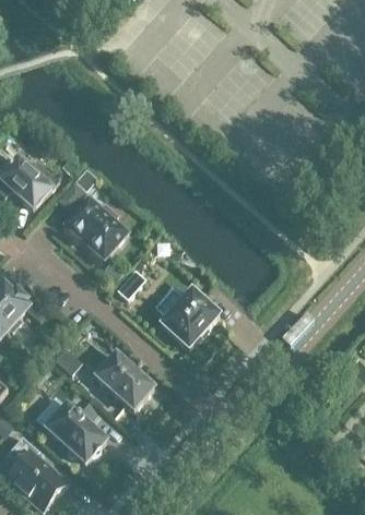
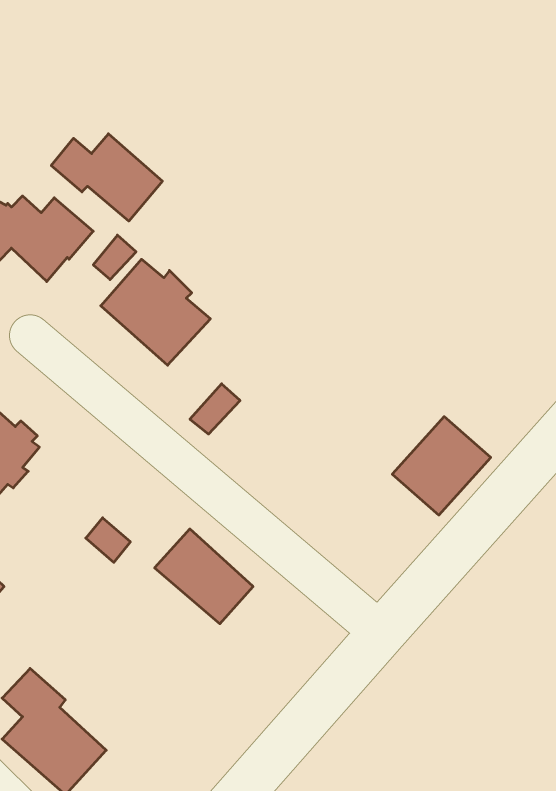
building: none -> [51,134,162,221]
building: [161,290,219,348] -> [392,417,491,515]
building: [46,399,105,463] -> none

